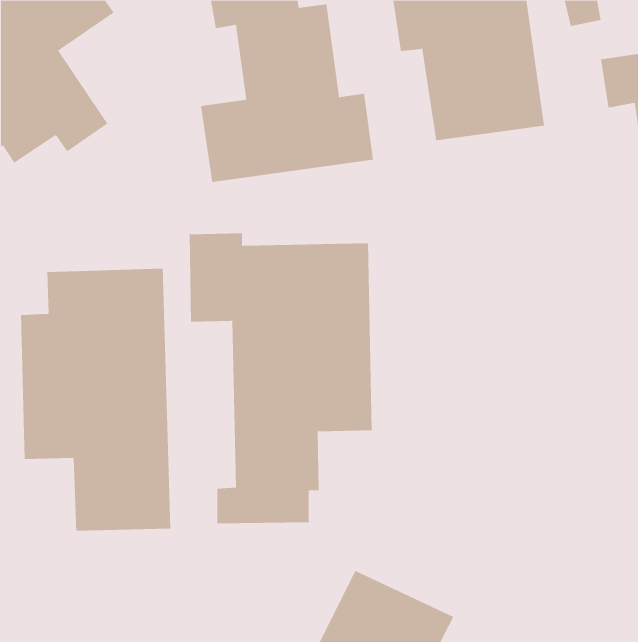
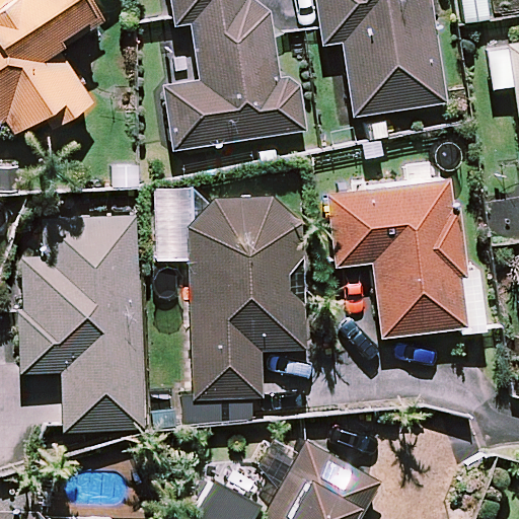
building: none -> [328,181,465,336]

